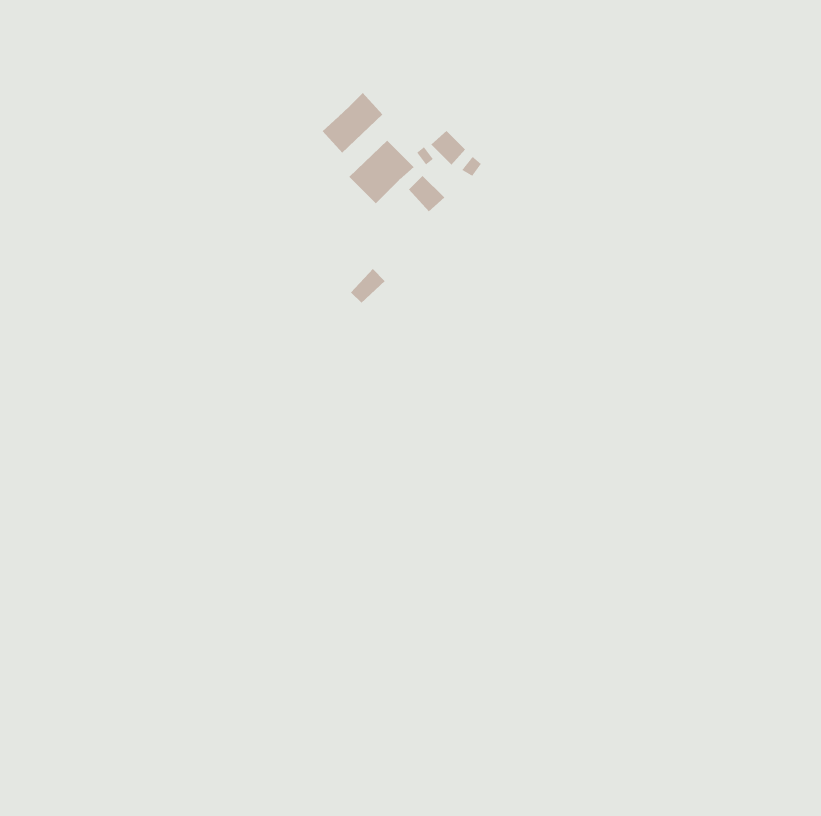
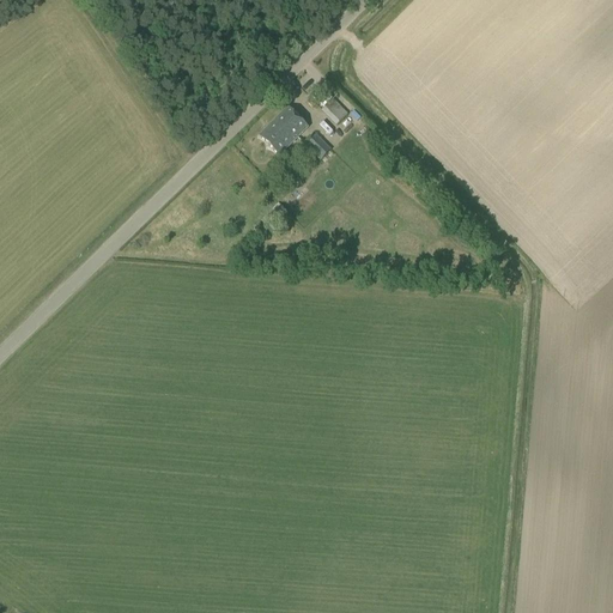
building: [322,92,383,154] -> none

